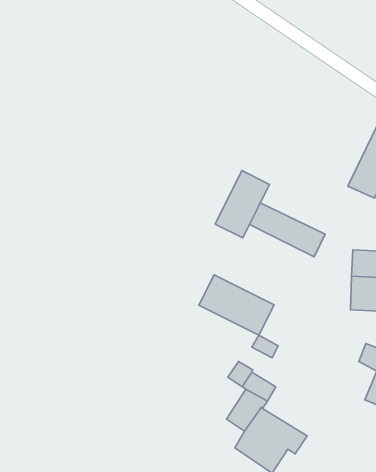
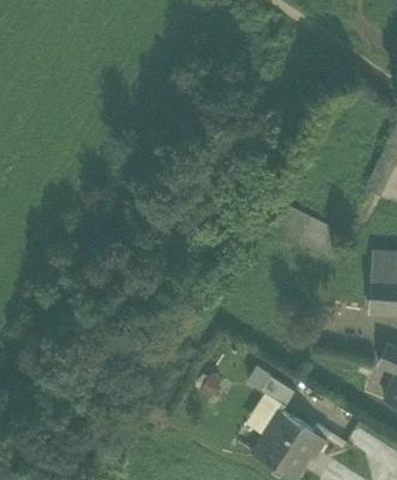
building: [215,171,269,238] -> none
building: [199,275,274,335] -> none

